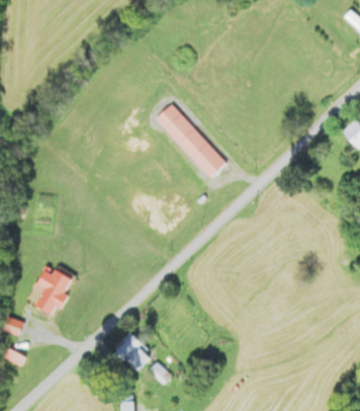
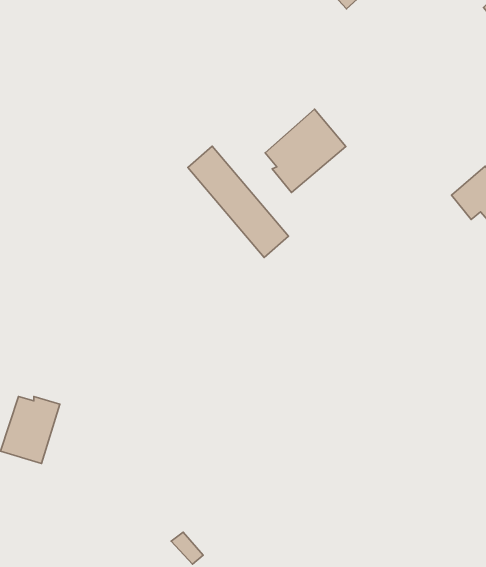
building: none -> [265,109,346,193]
building: [115,335,151,371] -> none

